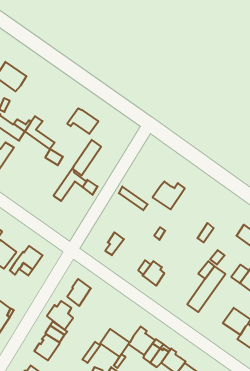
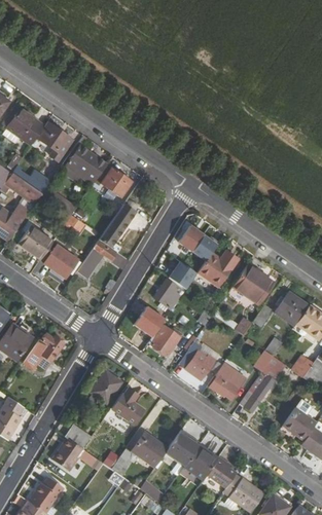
building: none -> [36,121,72,155]
building: none -> [67,134,106,184]
building: none -> [19,225,53,258]
building: none -> [182,226,212,260]
building: none -> [44,246,78,278]
building: none -> [234,264,273,301]
building: none -> [154,280,184,309]
building: none -> [275,293,308,326]
building: none -> [148,324,180,355]
building: none -> [210,361,246,398]
building: [47,301,73,330] -> [112,389,144,424]

